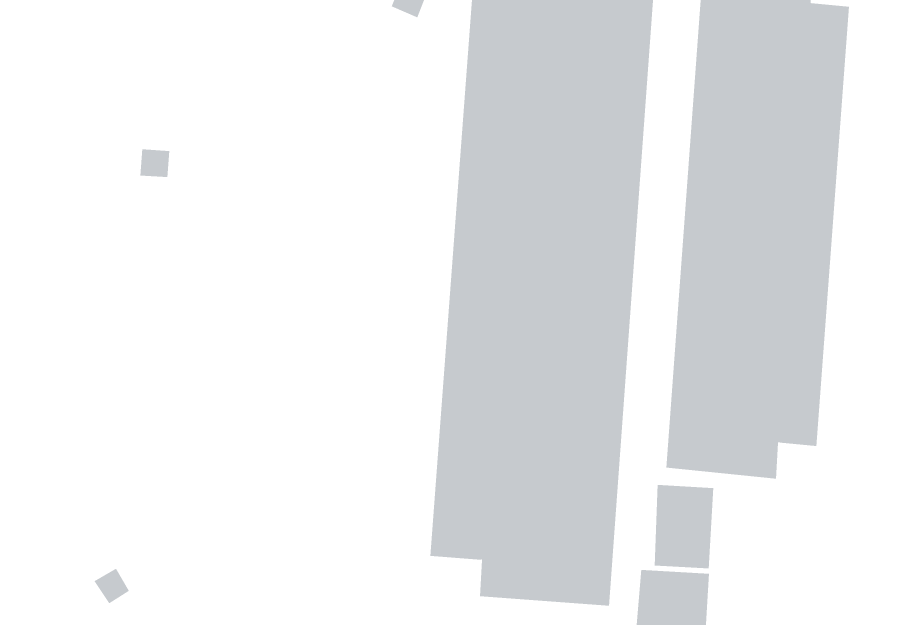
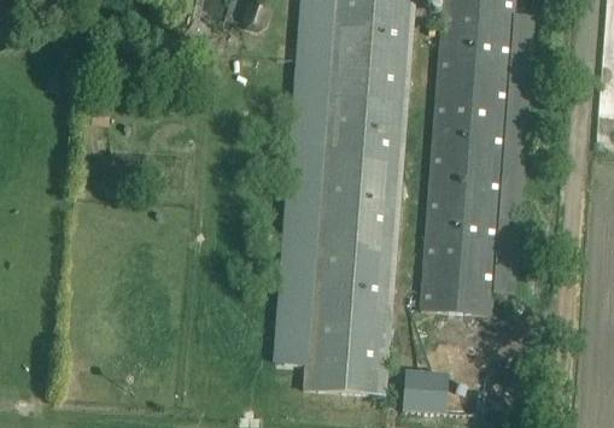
building: [654,484,714,569] -> none

